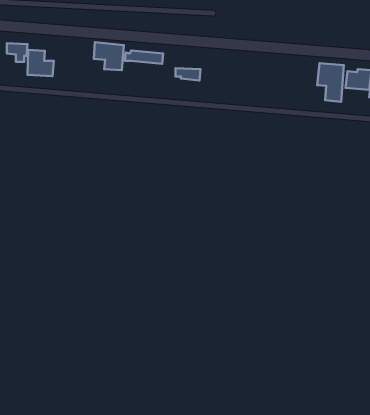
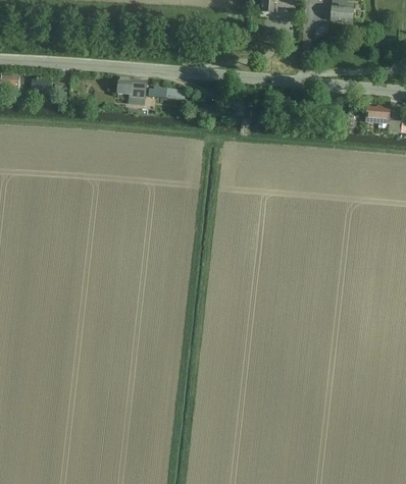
building: [28,50,54,76] -> none
building: [317,63,344,102] -> none

